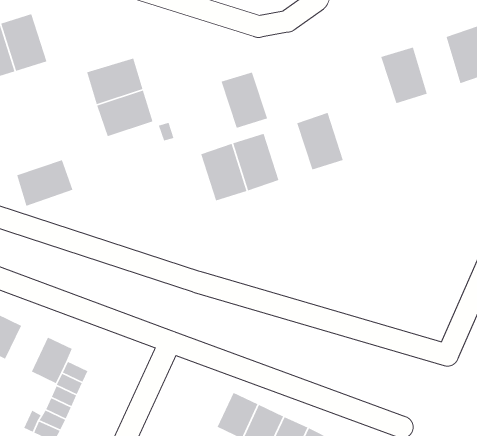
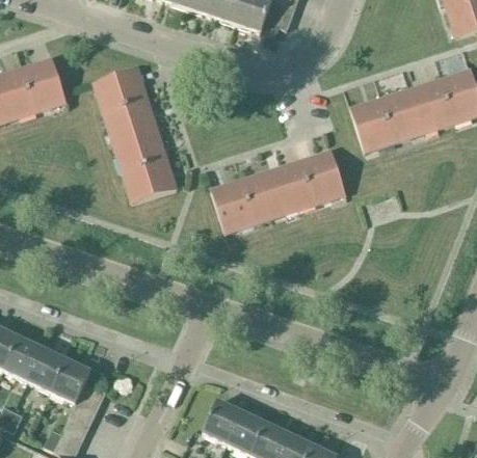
building: none -> [94,66,148,111]
building: none -> [410,78,454,132]
building: none -> [349,97,394,152]
building: [221,71,268,129] -> [270,159,315,213]
building: [16,159,74,207] -> [123,158,177,203]
building: none -> [27,349,67,393]
building: none -> [202,401,241,444]

